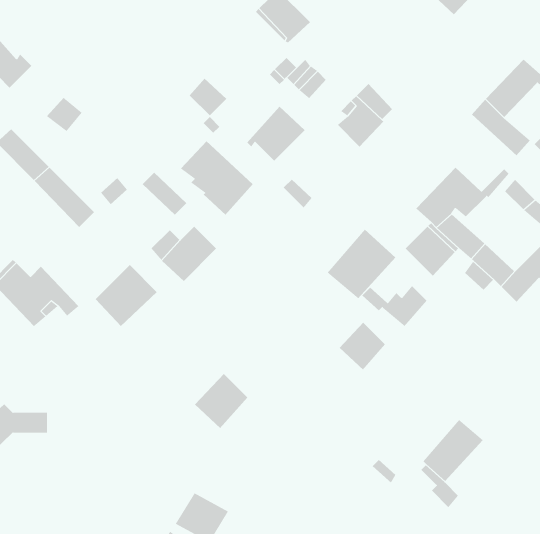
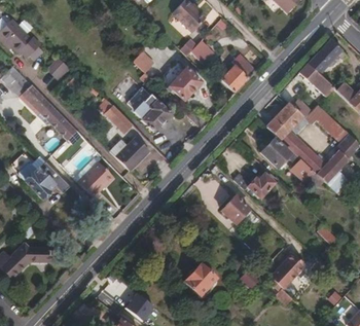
building: [327,229,396,299] -> none
building: [194,373,248,429] -> [183,262,215,295]

